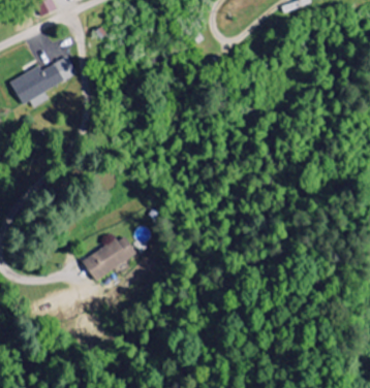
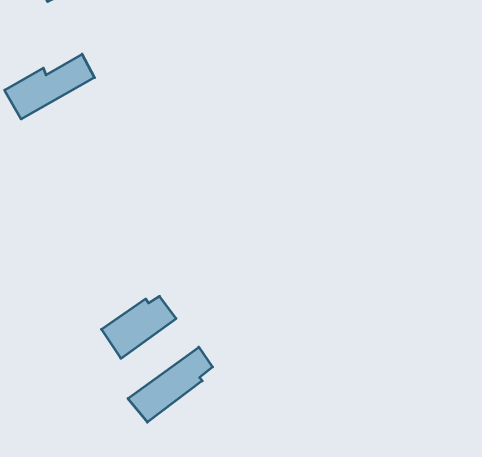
building: none -> [128,347,213,422]

